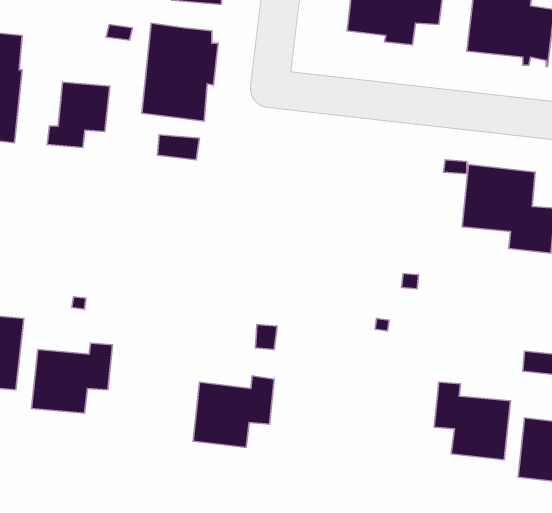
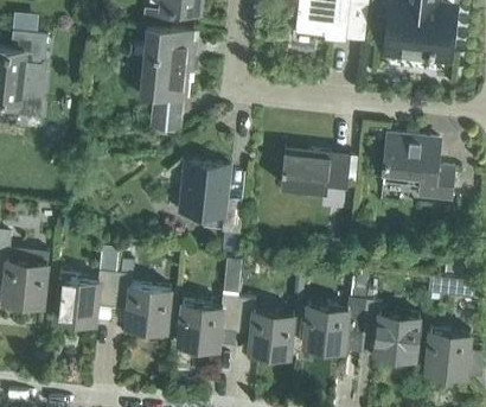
building: [47,82,110,148] -> none
building: none -> [281,148,350,192]
building: none -> [179,161,242,250]
building: none -> [113,261,171,333]
building: none -> [236,299,294,358]
building: none -> [303,299,365,352]

